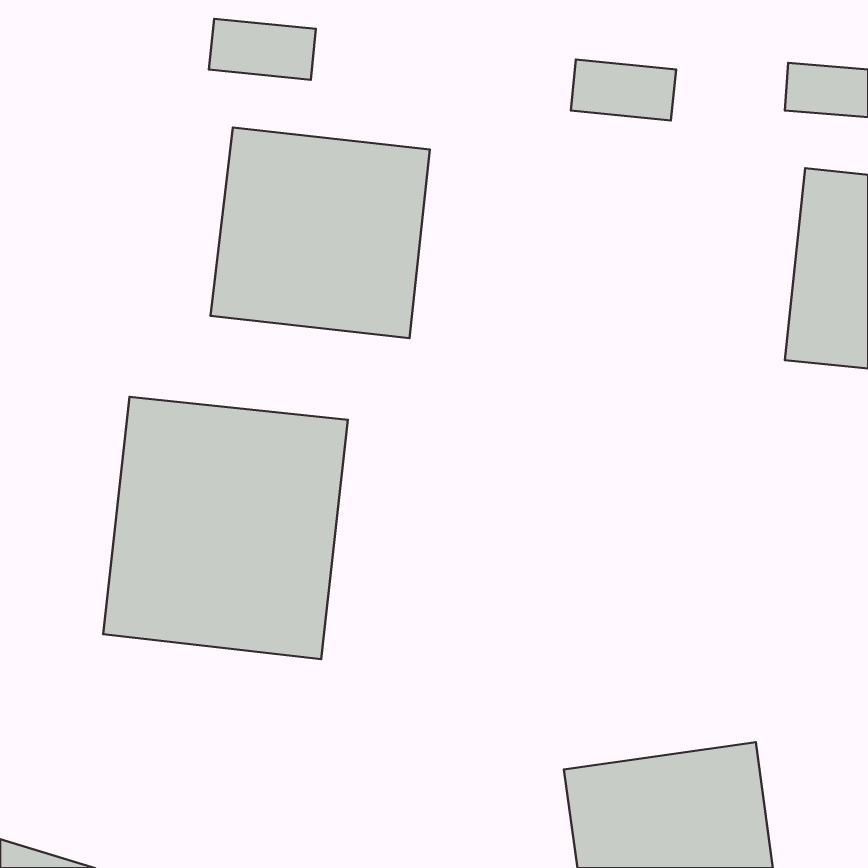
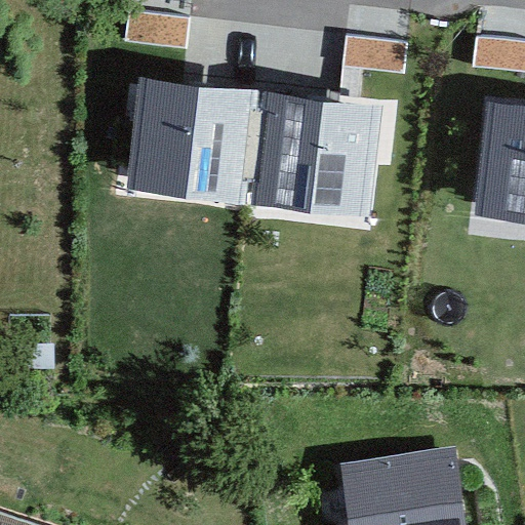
building: none -> [252,91,383,217]
building: [103,397,348,659] -> none

